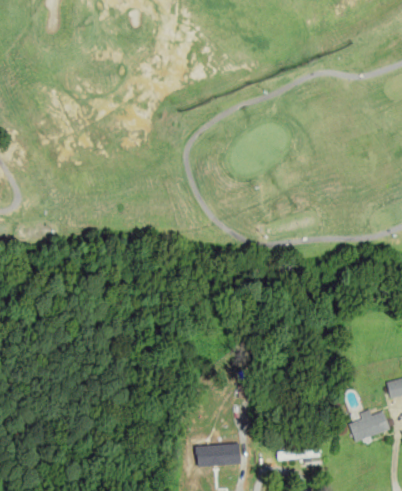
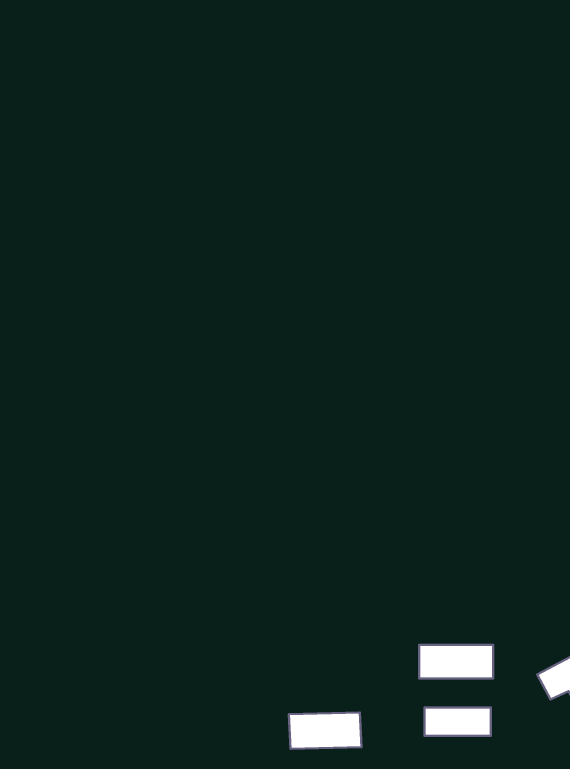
building: none -> [419,645,493,678]

